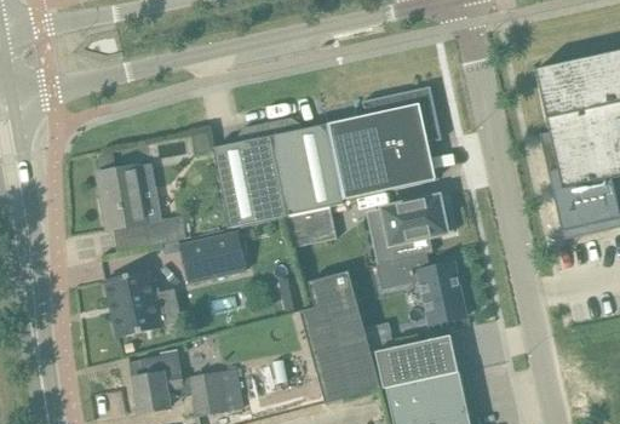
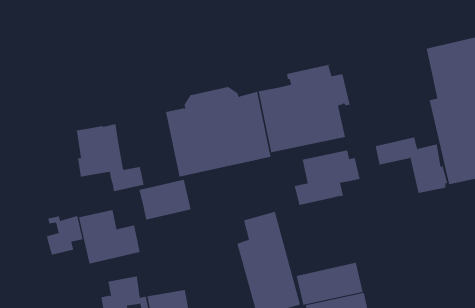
building: [289,207,337,246] -> none
building: [377,253,467,323] -> [375,137,448,194]
building: none -> [46,215,83,255]

